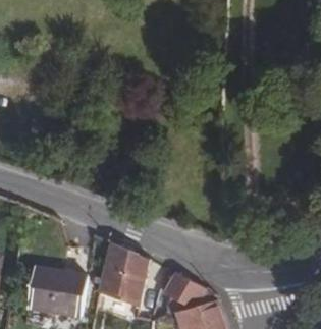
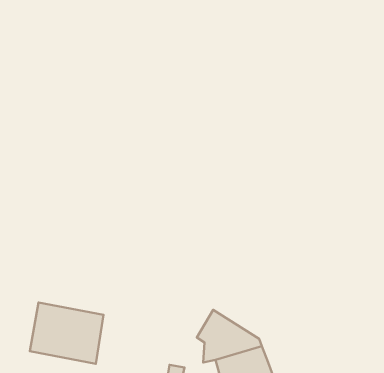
building: [101,240,150,306] -> none

